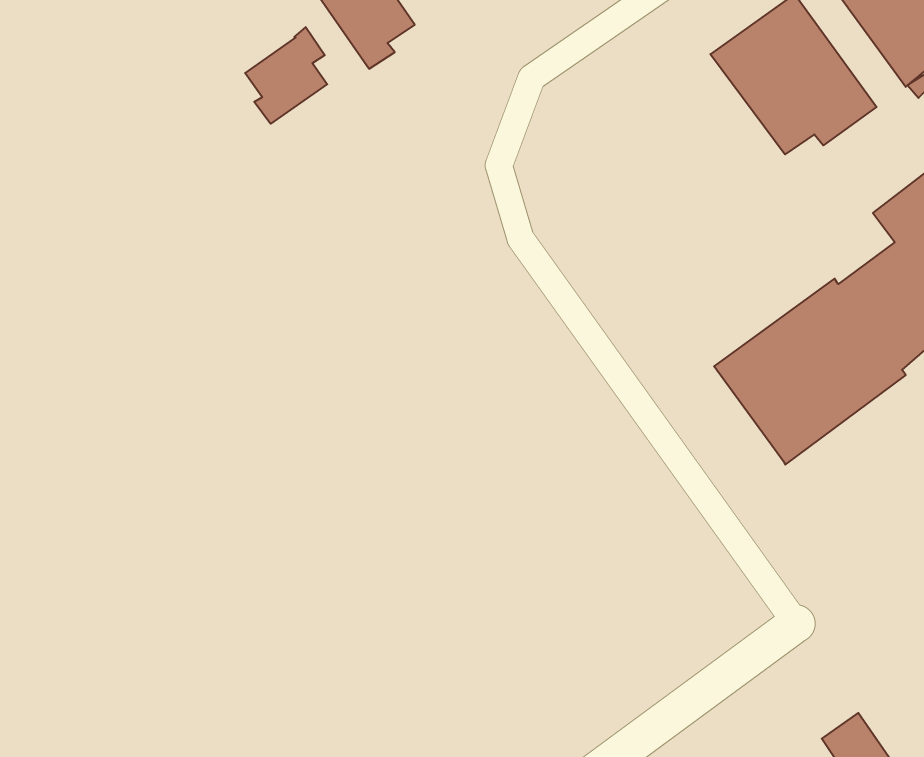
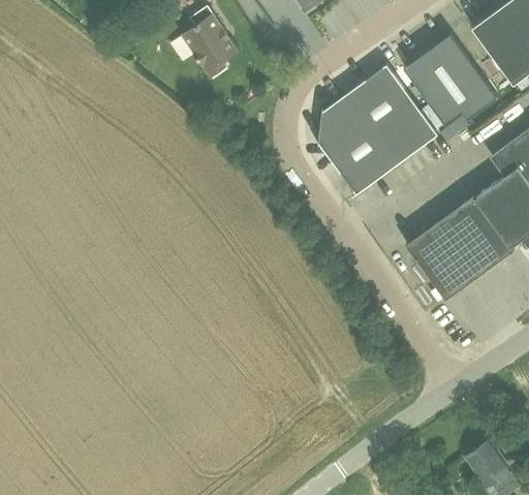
building: [245,27,327,124] -> none
building: none -> [318,64,438,196]

